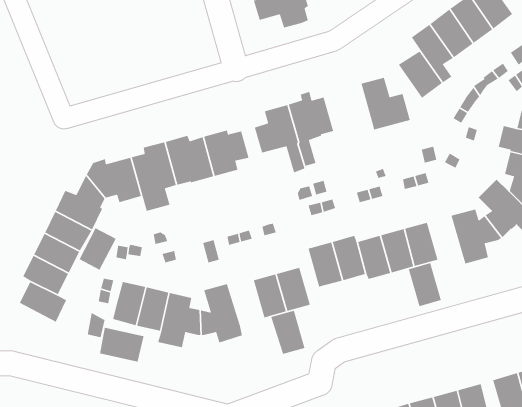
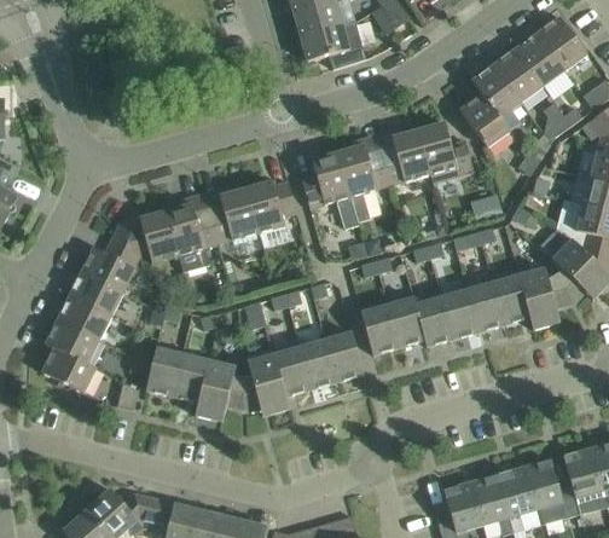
building: none -> [378,127,430,183]
building: [78,227,117,271] -> none
building: [408,262,442,307] -> [492,274,529,324]
building: [270,310,305,355] -> [273,346,312,395]
building: [99,327,145,362] -> none

